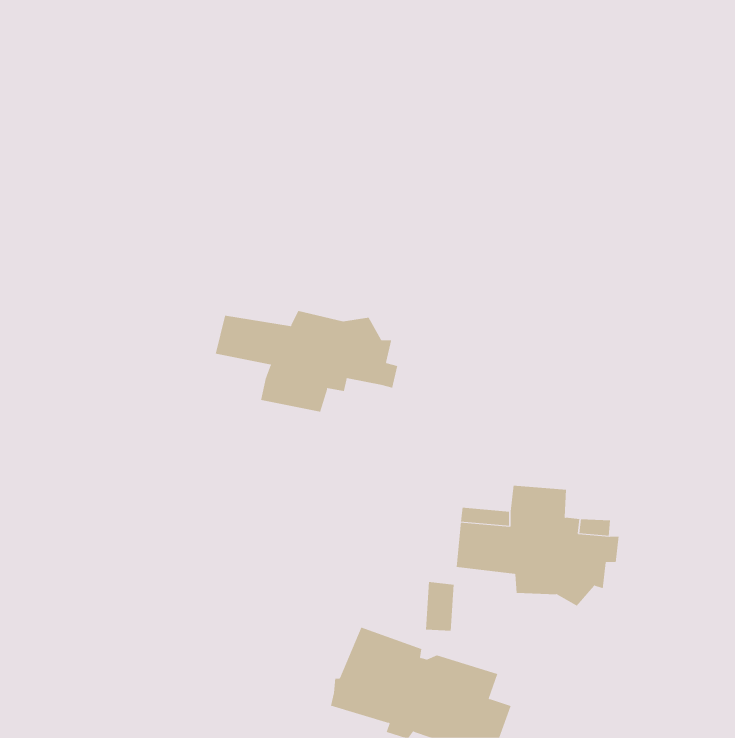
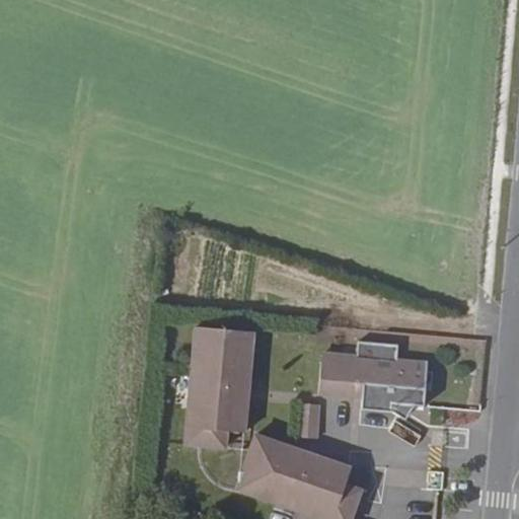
building: [215,310,398,413] -> none
building: none -> [184,321,252,441]

